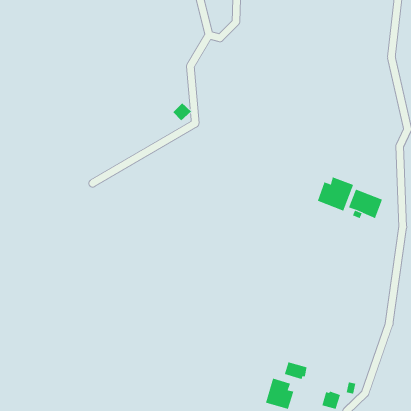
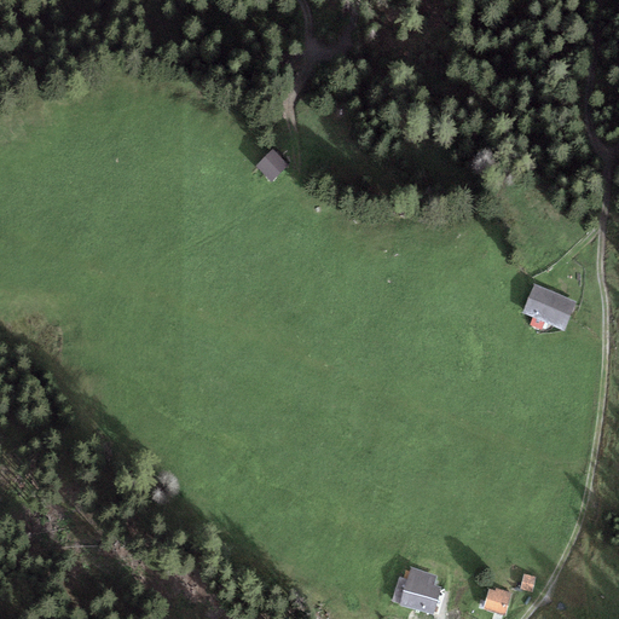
building: [317,177,354,212] -> none
building: [284,362,307,380] -> none

